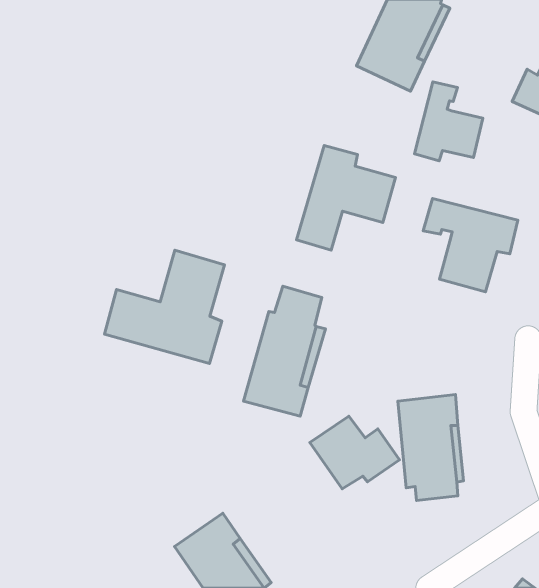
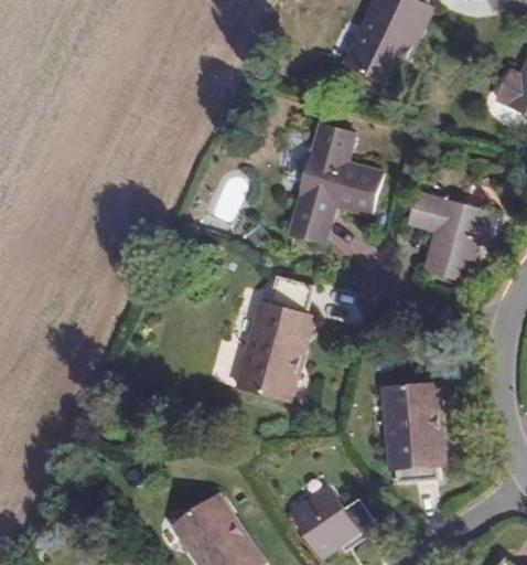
building: [414,82,483,161] -> none
building: [104,250,225,363] -> none
building: [310,416,400,489] -> [289,486,375,555]

